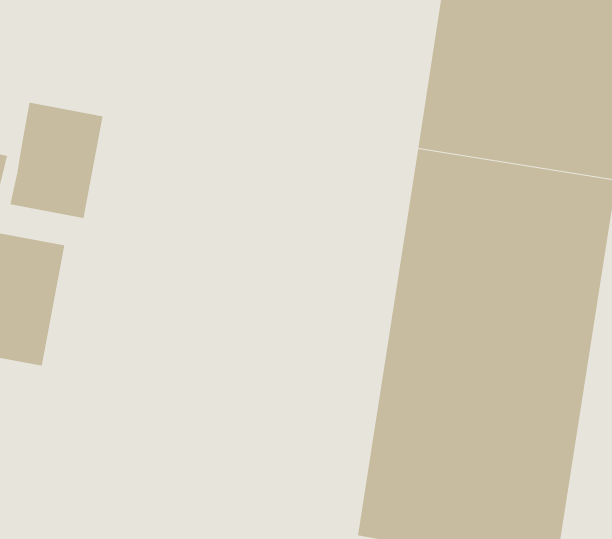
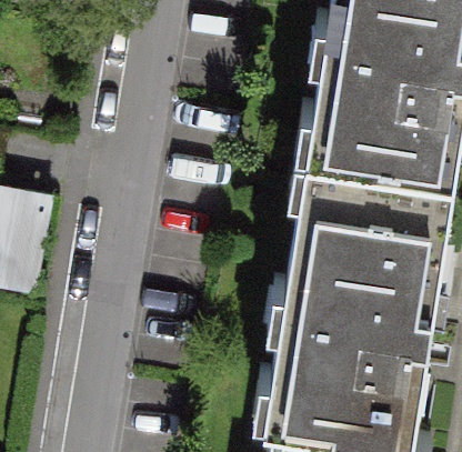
building: [10,102,103,219] -> none

